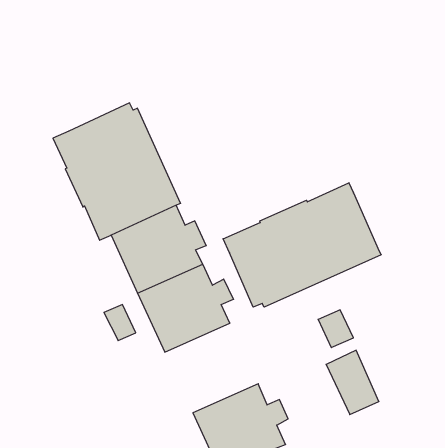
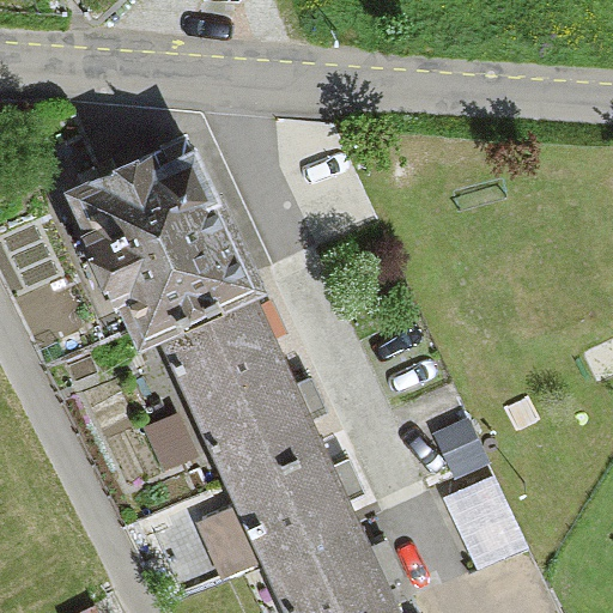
building: [223,183,381,307] -> none
building: none -> [195,442,354,572]

